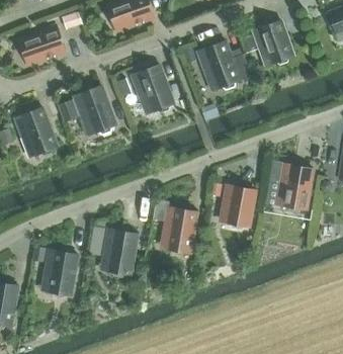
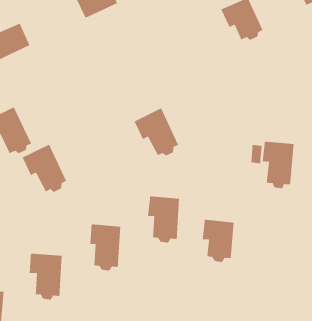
building: [196,41,251,89] -> none
building: [131,65,173,113] -> [134,107,179,157]
building: [73,86,115,135] -> [22,143,67,193]
building: [222,185,255,230] -> [202,219,234,263]

